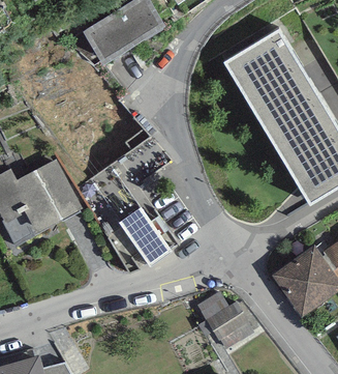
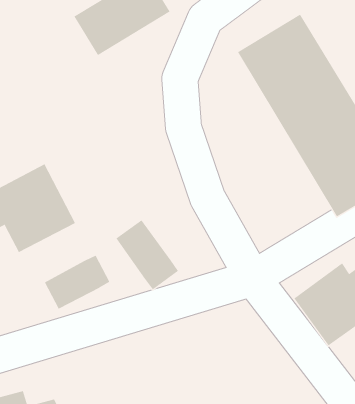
building: none -> [44,255,110,309]
building: [197,292,258,350] -> none

